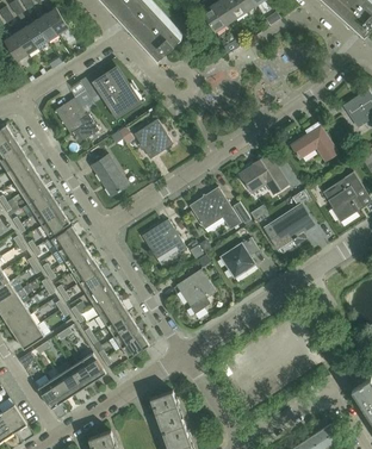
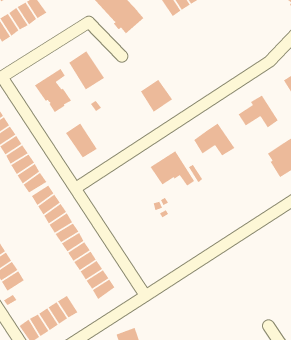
building: [134,120,172,160] -> [140,79,173,113]
building: [268,205,312,245] -> none
building: [141,219,186,258] -> none
building: [219,238,256,277] -> none
building: [174,270,215,314] -> none

